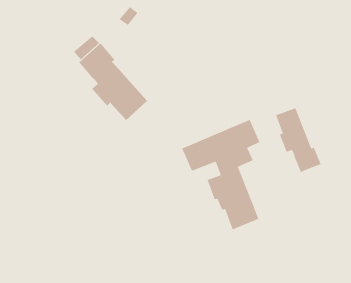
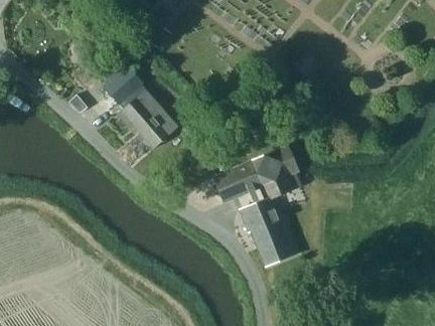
building: [275,107,322,173] -> none

